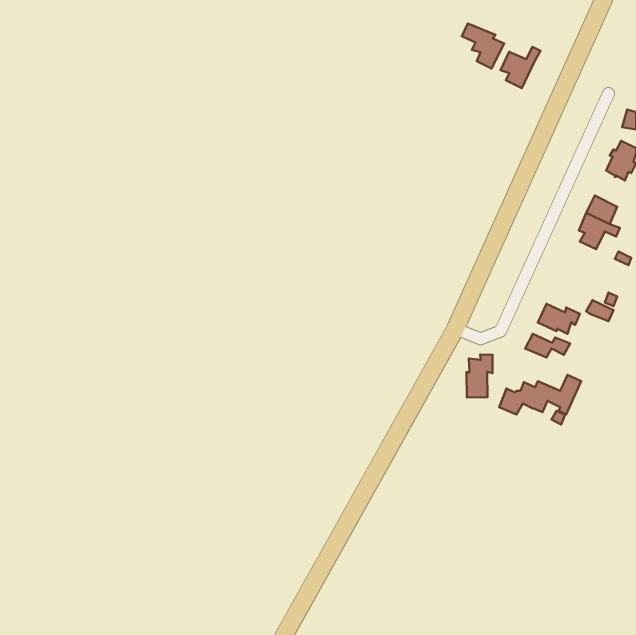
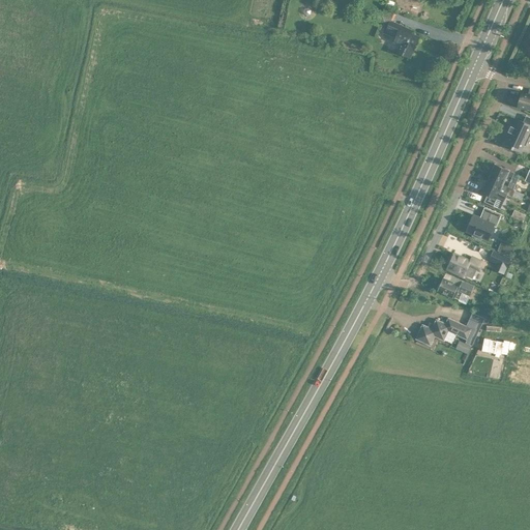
building: [500,47,540,88] -> none
building: none -> [465,207,500,238]
building: [467,355,492,397] -> none

